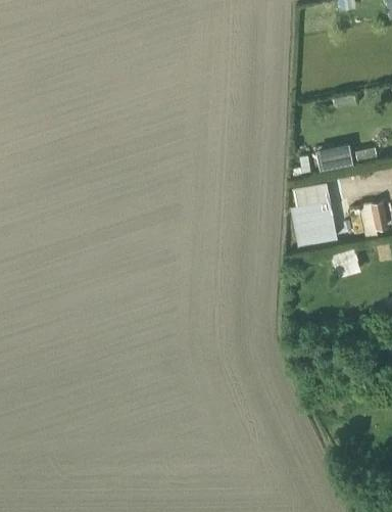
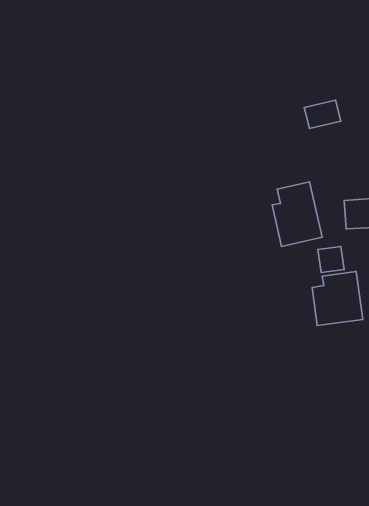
building: [316,141,352,169] -> [304,100,341,128]
building: none -> [312,271,363,326]

